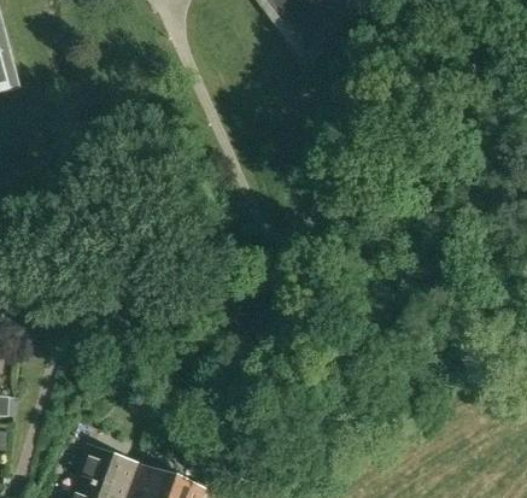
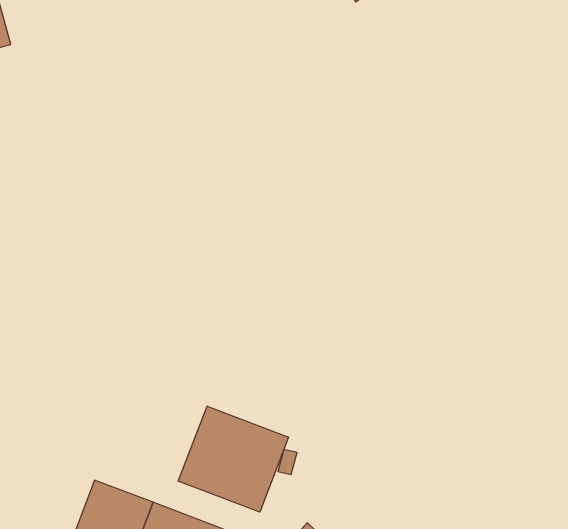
building: none -> [178,406,289,512]

